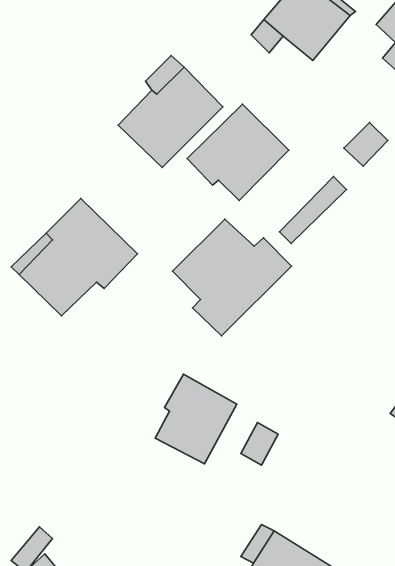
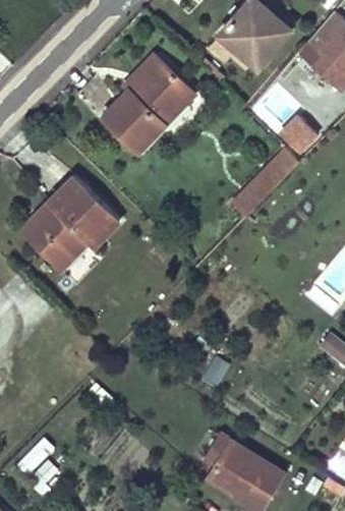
building: [187,104,289,201] -> none
building: [173,219,291,336] -> none
building: [155,374,237,464] -> none

